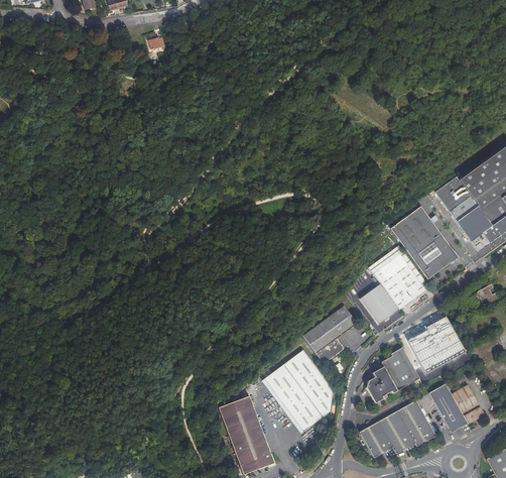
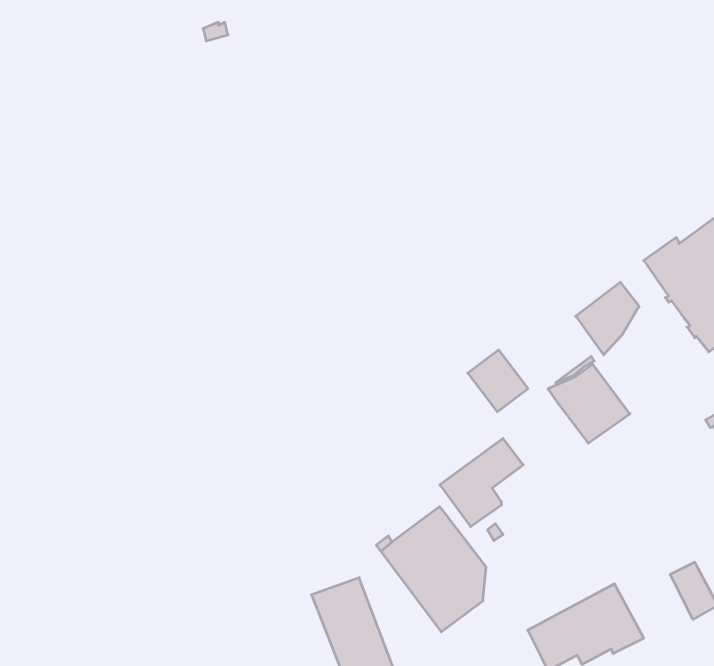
building: [408,222,458,280] -> none
building: [360,284,399,325] -> [468,350,528,412]
building: [407,318,466,375] -> none
building: [368,348,419,402] -> none
building: [429,385,467,434] -> none

